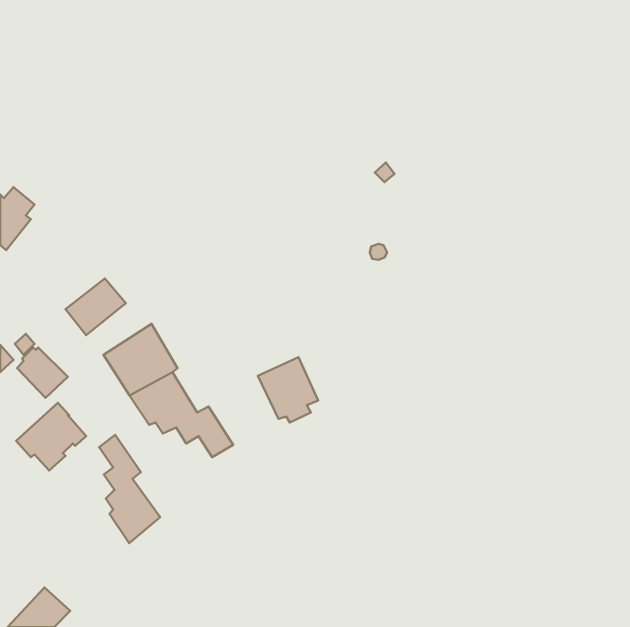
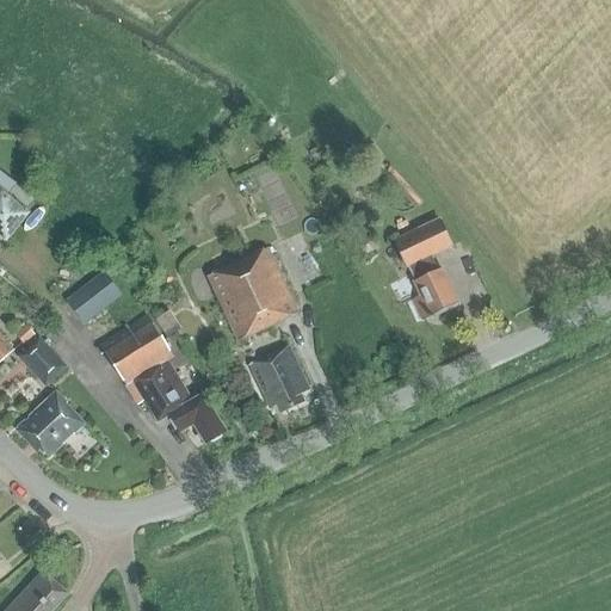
building: none -> [394,218,457,317]
building: none -> [206,246,297,340]
building: [99,435,160,543] -> none

